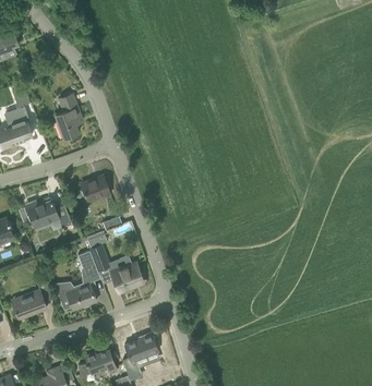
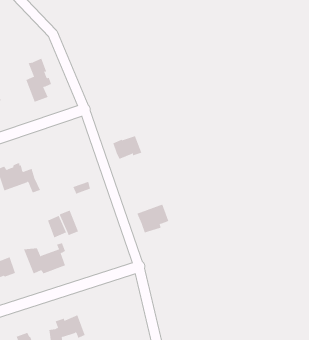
building: [81,176,110,200] -> [113,135,142,159]
building: [110,262,143,291] -> [137,204,169,233]
building: [124,329,159,359] -> none

